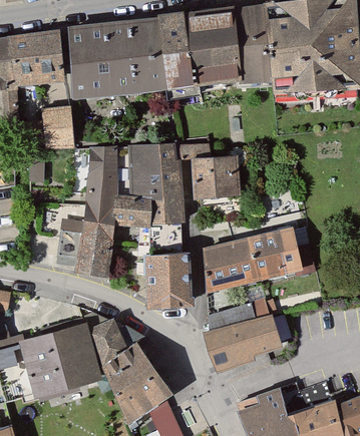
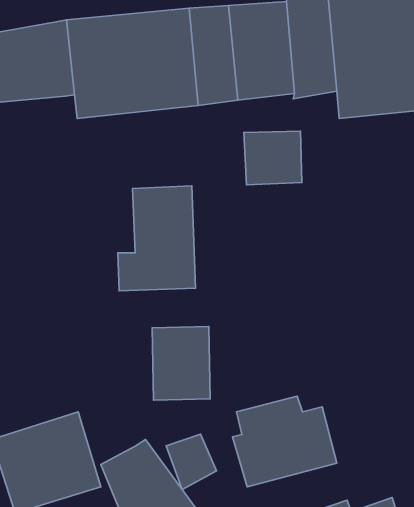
building: [40,110,73,153] -> none
building: [72,150,118,282] -> none
building: [193,160,237,201] -> [244,131,302,185]
building: [199,229,303,296] -> none
building: [92,318,130,360] -> [166,434,216,489]

